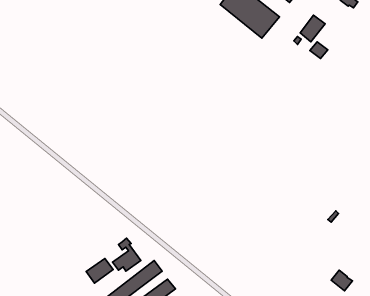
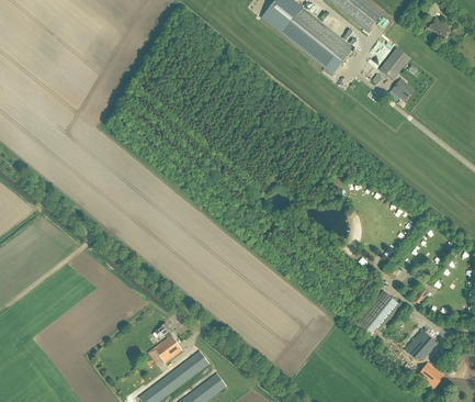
building: none -> [353,289,399,338]
building: none -> [403,327,437,358]
building: [86,259,113,283] -> none

